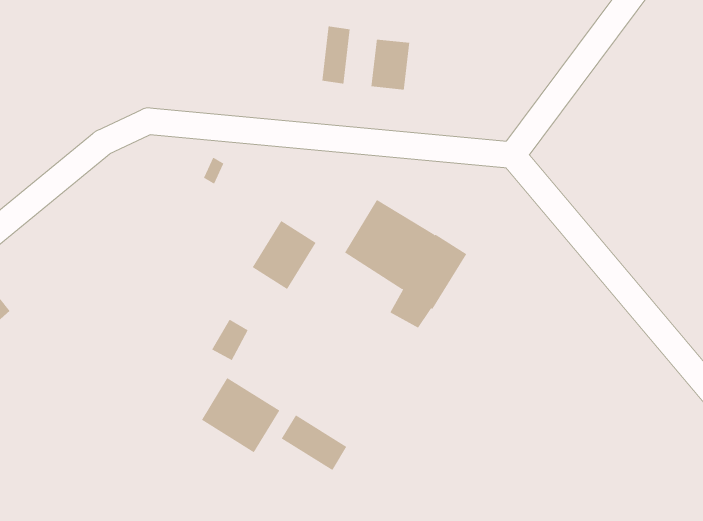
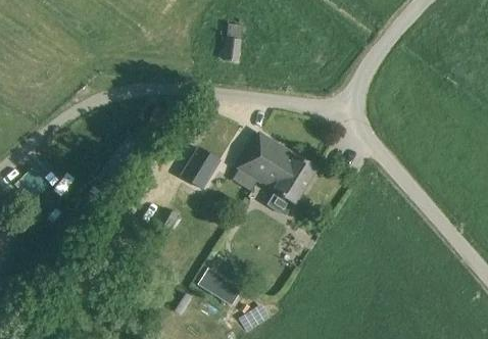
building: [371,39,410,90] -> none
building: [201,377,280,453] -> none

